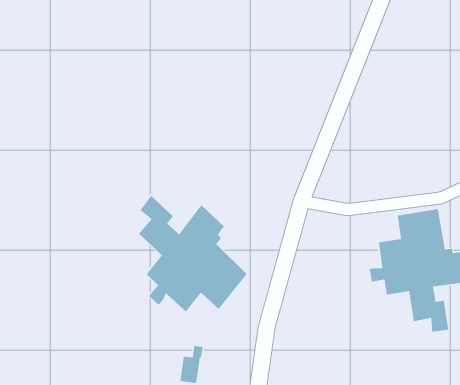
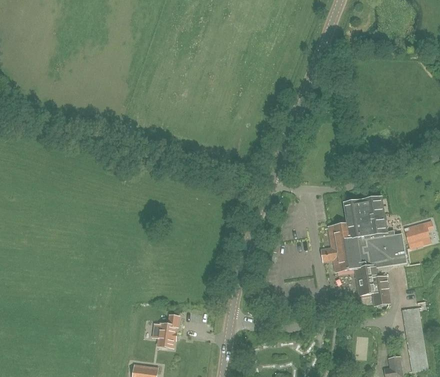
building: [138,195,247,312] -> none

